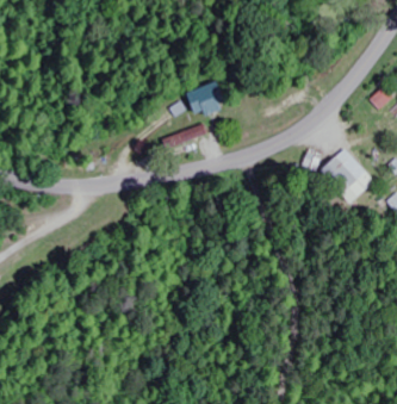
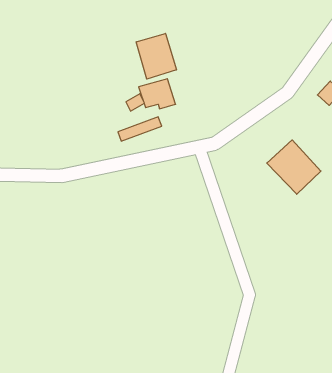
building: none -> [136,33,176,79]

